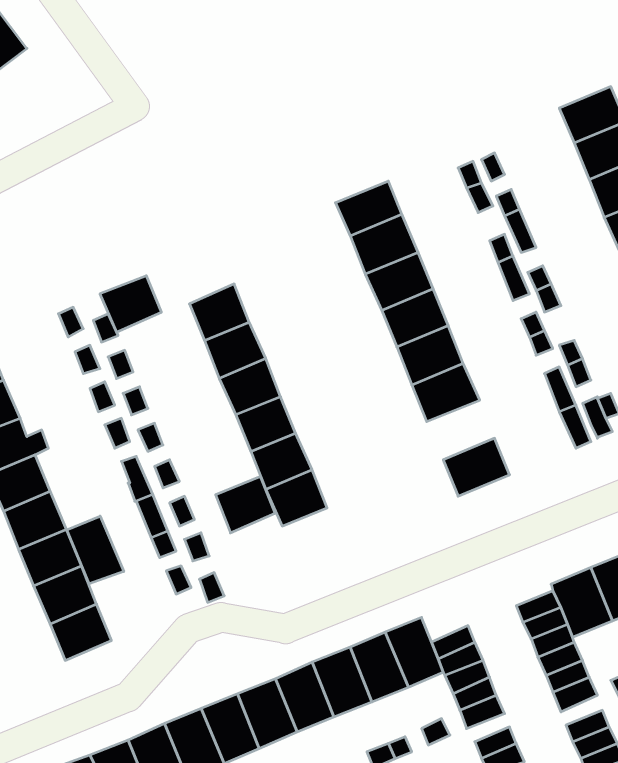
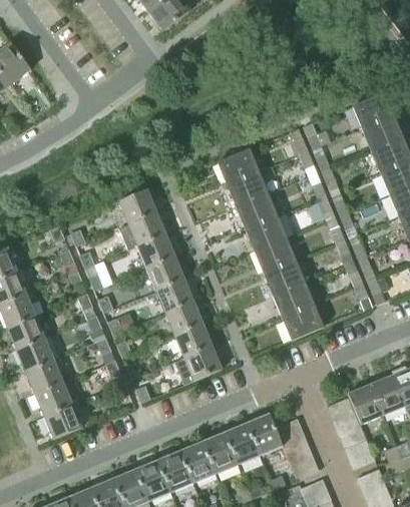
building: [100,276,161,332] -> [118,189,155,223]
building: none -> [272,282,313,318]
building: [216,477,275,533] -> [184,347,221,381]
building: [67,516,124,584] -> none

